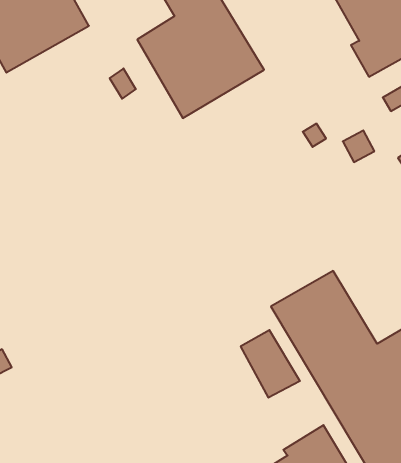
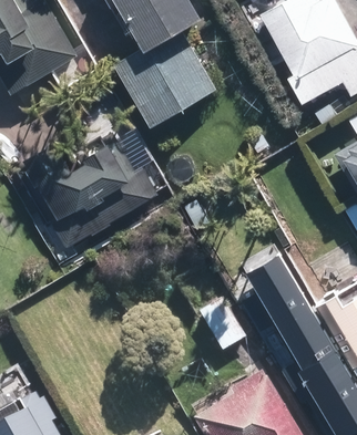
building: none -> [27,131,159,247]

